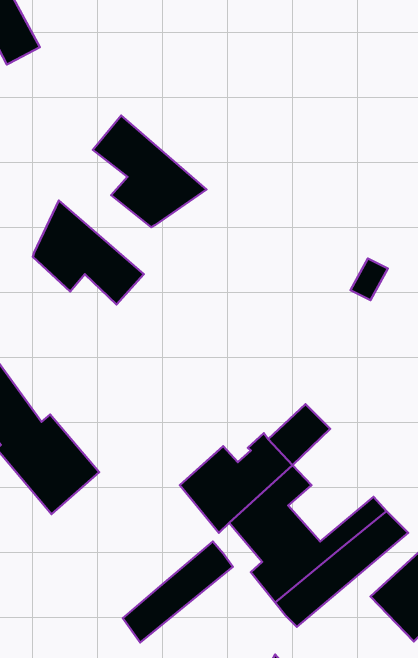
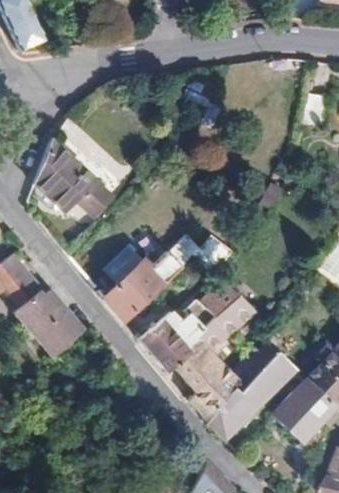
building: [93,115,207,227] -> none
building: none -> [104,236,242,320]
building: [123,542,233,643] -> none

